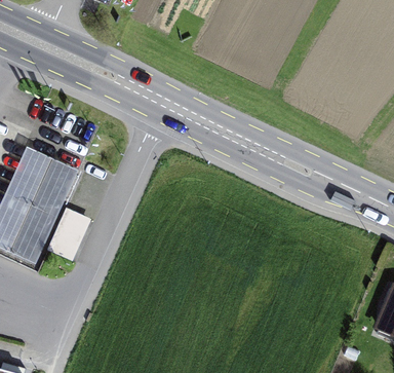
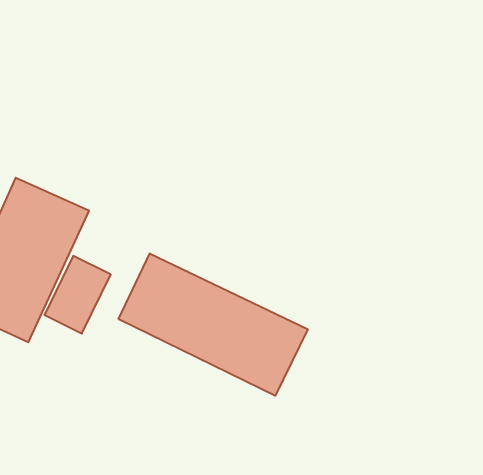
building: none -> [119,253,308,396]

